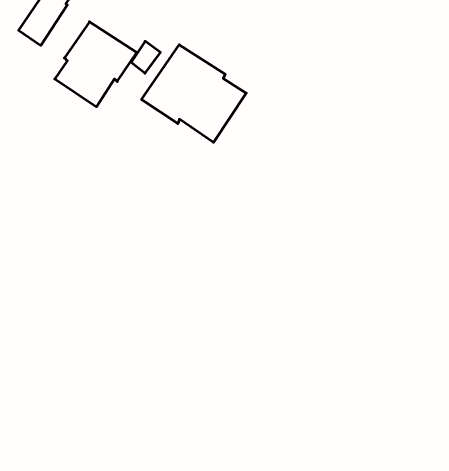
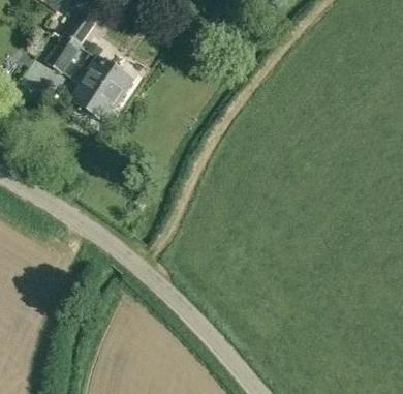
building: [142,45,246,142] -> none

